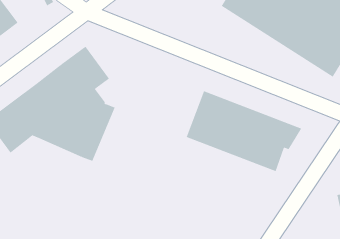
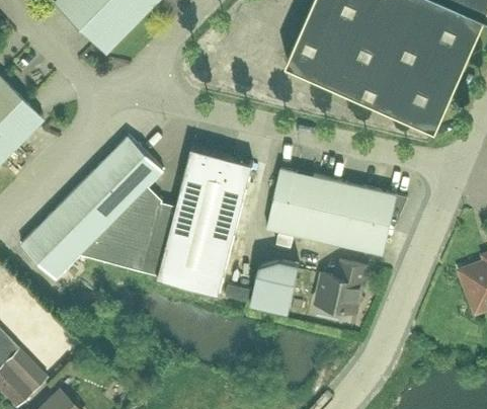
building: none -> [156,148,253,296]
building: none -> [249,262,299,314]
building: none -> [315,261,367,316]

